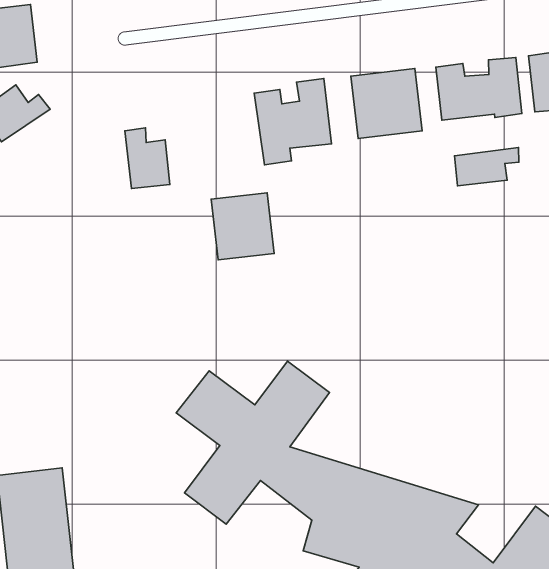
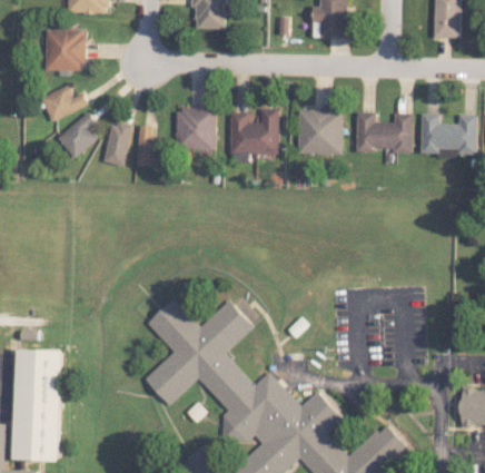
building: none -> [57,114,102,158]
building: none -> [103,121,132,166]
building: [454,147,519,186] -> none
building: [211,193,274,260] -> [176,108,216,151]

